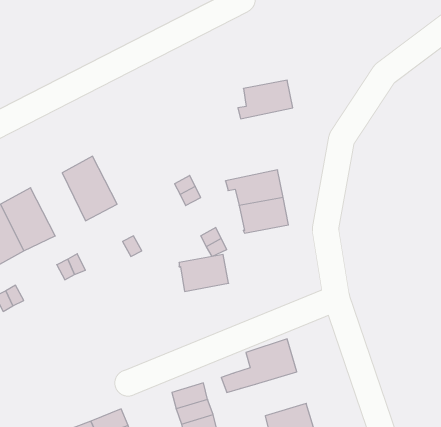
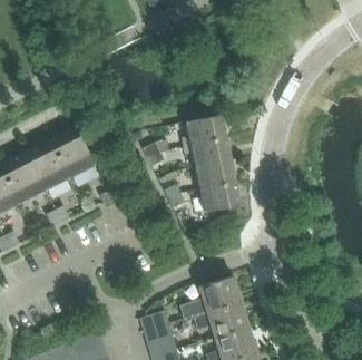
building: [238,80,293,119] -> [182,116,226,147]
building: none -> [26,140,70,192]
building: [179,254,229,291] -> [199,183,239,213]
building: none -> [196,302,250,338]

